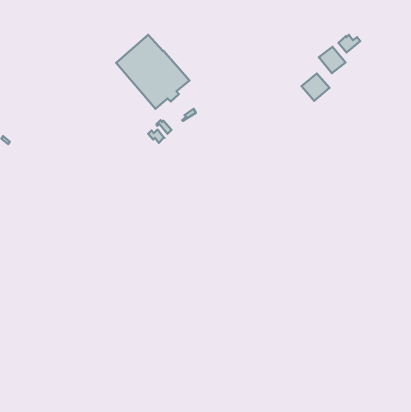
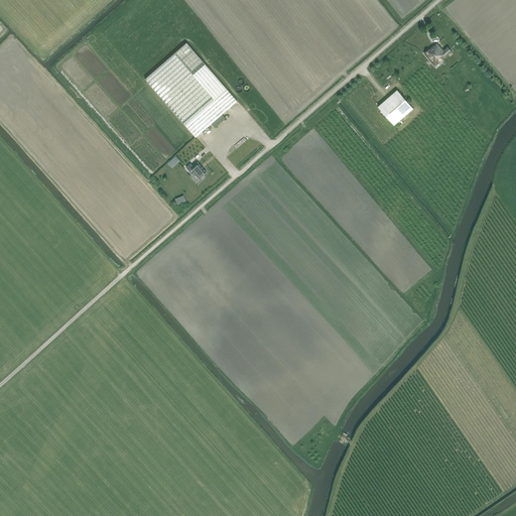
building: [319,47,345,73] -> none

